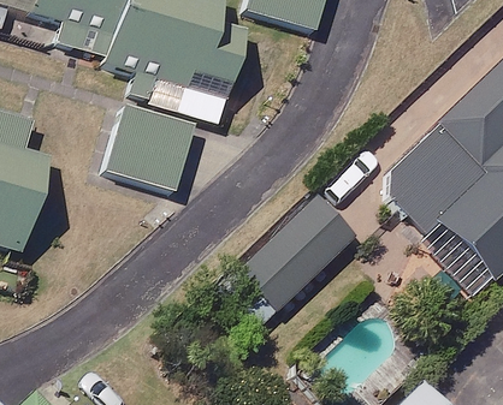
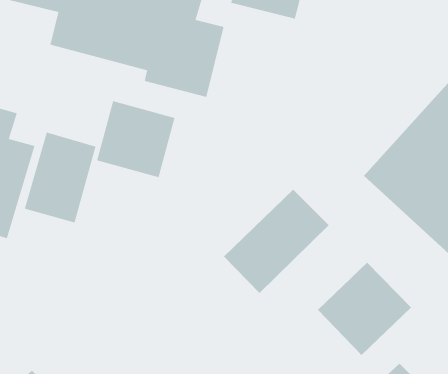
building: none -> [24,131,96,223]
building: none -> [317,262,412,356]

